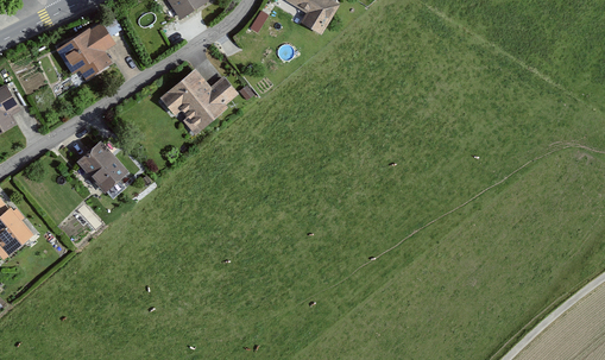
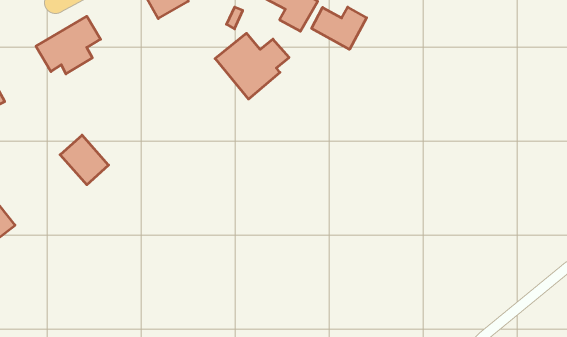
building: none -> [312,7,367,49]
building: [162,69,238,137] -> [215,33,289,99]

